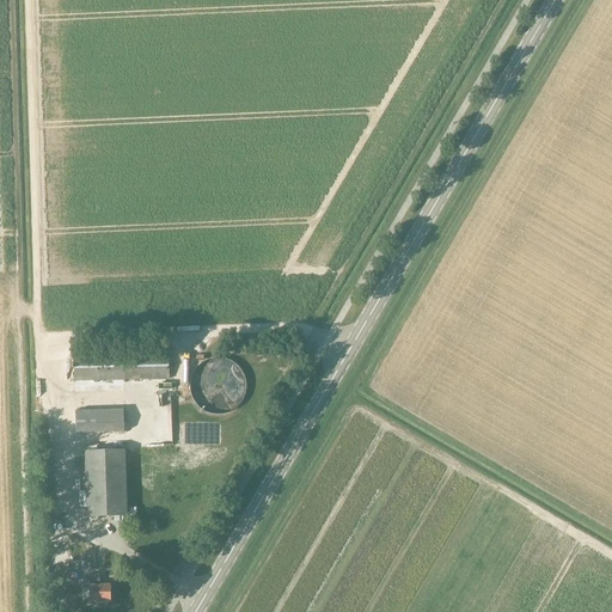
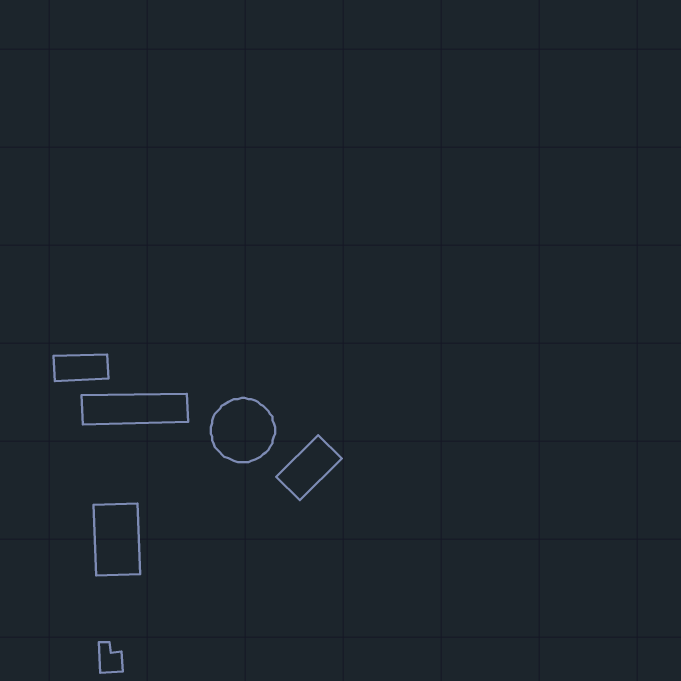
building: none -> [276,435,342,500]
building: [75,409,124,433] -> [54,354,108,381]

